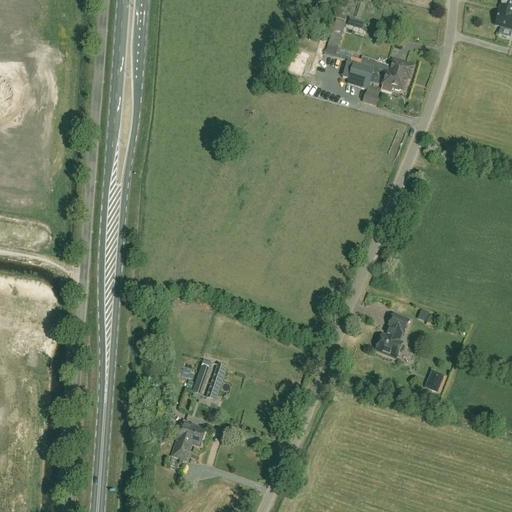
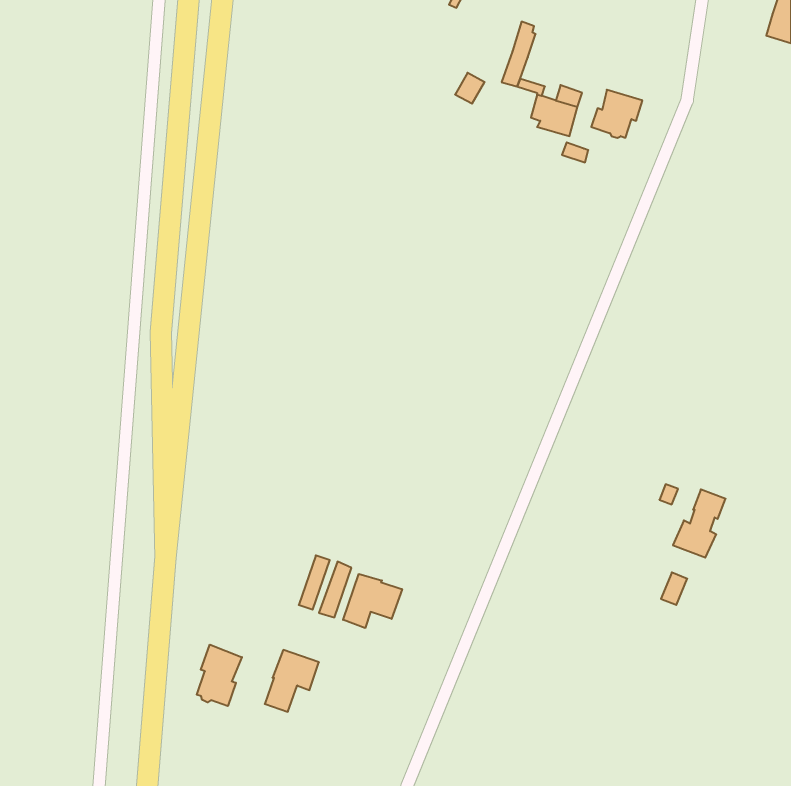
building: [375,313,409,357] -> [673,489,726,558]
building: none -> [343,574,402,628]
building: none -> [197,645,242,706]

